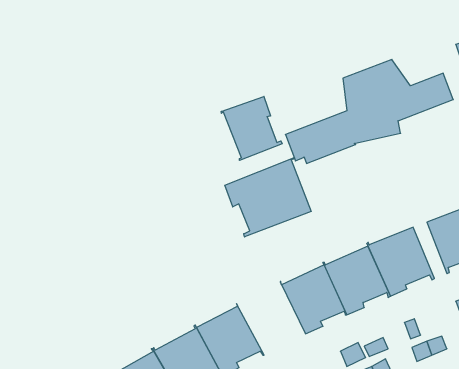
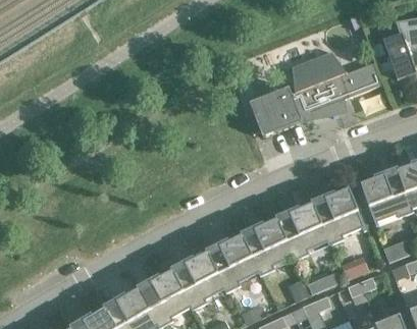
building: [221,96,282,160] -> none
building: [225,158,311,237] -> none
building: none -> [205,231,261,290]

